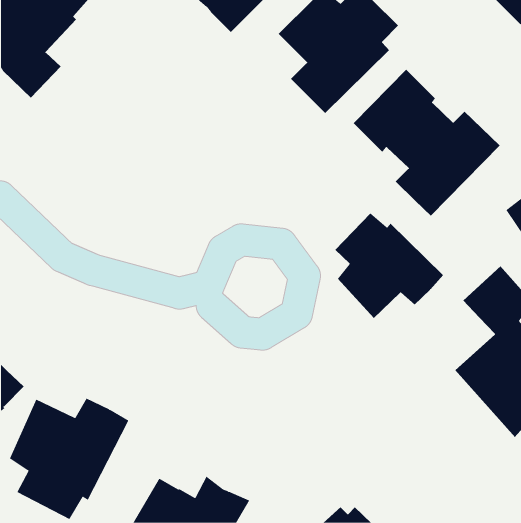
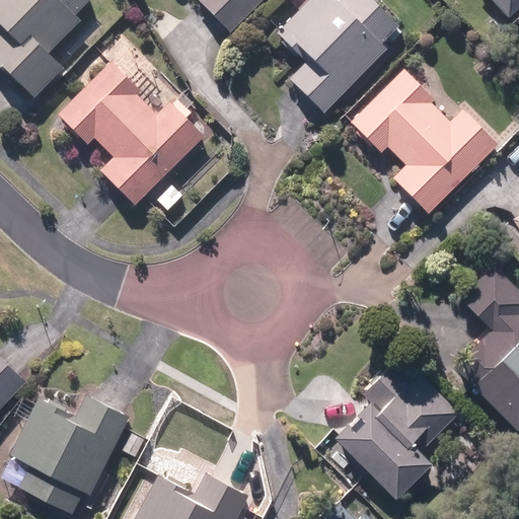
building: none -> [58,61,207,206]
building: [334,213,444,319] -> none
building: none -> [332,353,462,500]

